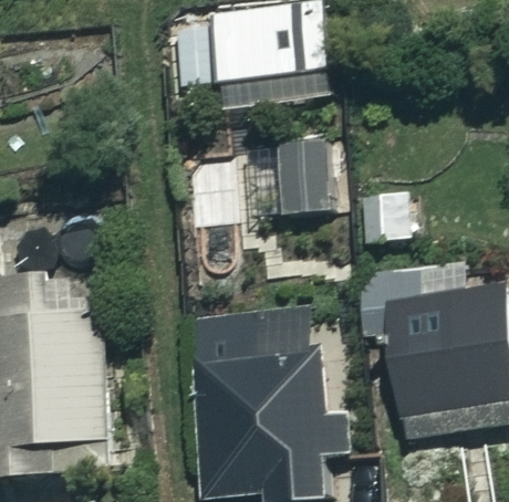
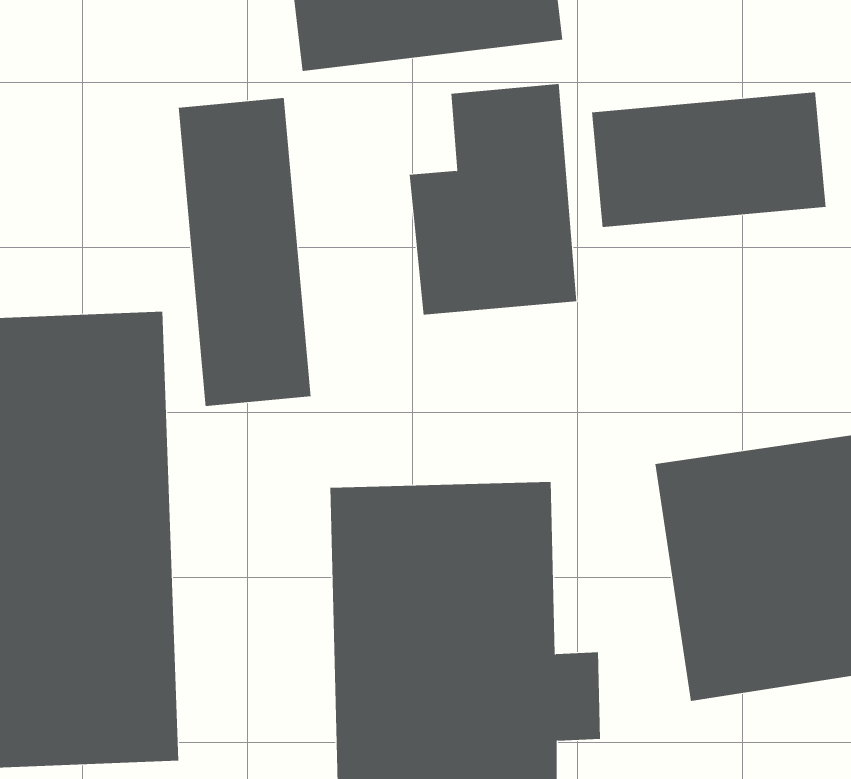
building: none -> [591,92,826,228]
building: none -> [178,97,311,407]

